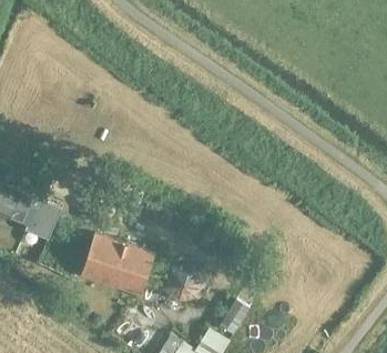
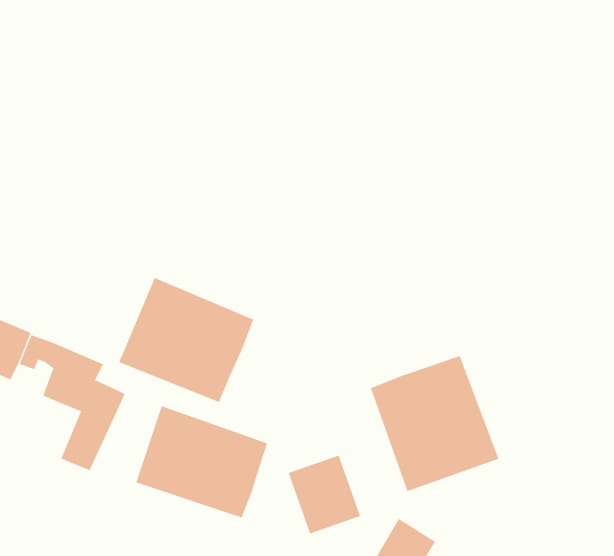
building: none -> [118,277,254,403]
building: none -> [370,355,499,492]

